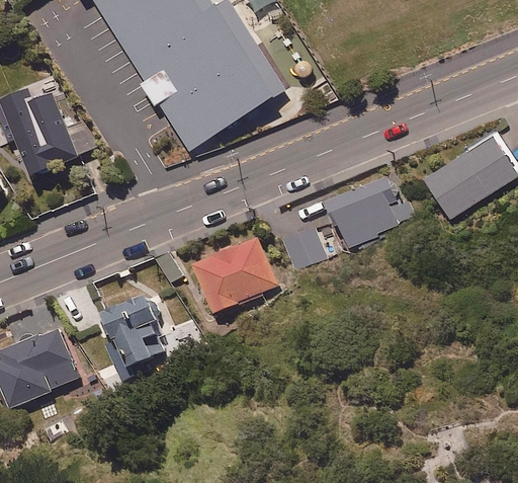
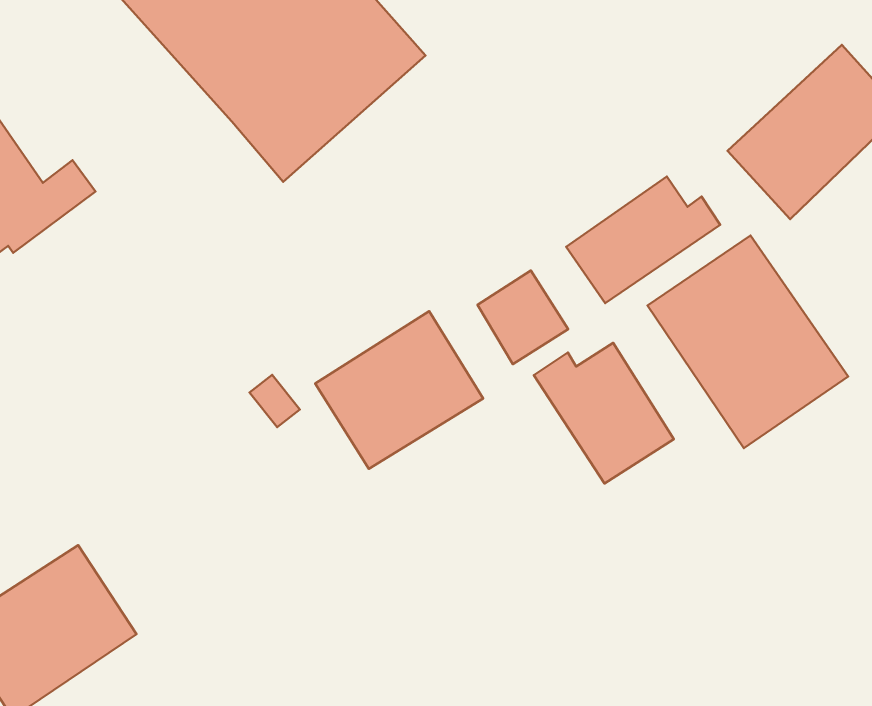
building: none -> [647,235,848,448]
building: none -> [534,343,674,484]
building: [100,292,169,384] -> none

